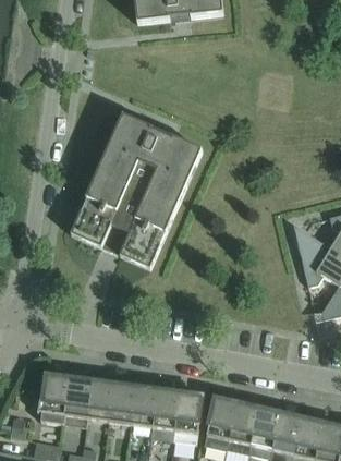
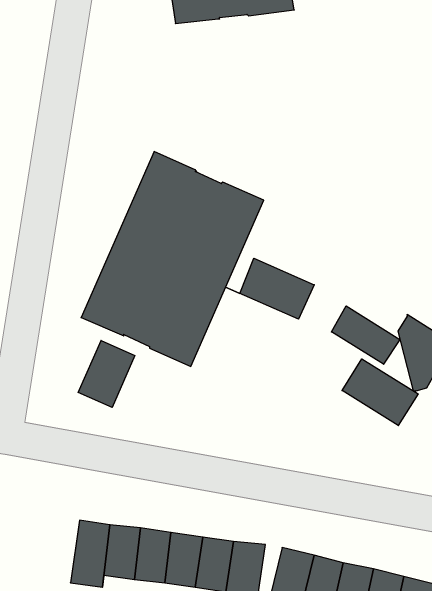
building: none -> [226,258,314,319]
building: none -> [331,306,400,364]
building: none -> [78,340,135,407]
building: none -> [342,359,418,426]
building: [40,375,70,423] -> none

